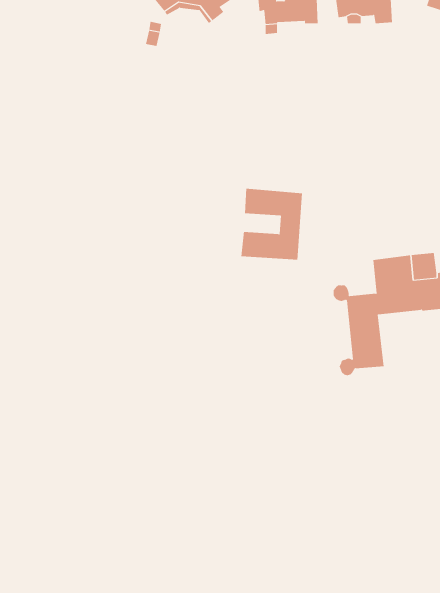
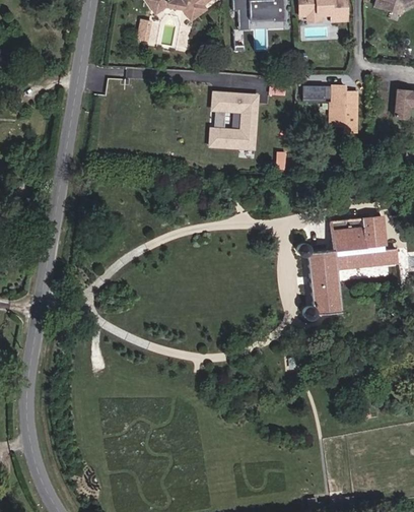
building: none -> [301,85,356,131]
building: [241,188,303,260] -> [208,88,261,149]

